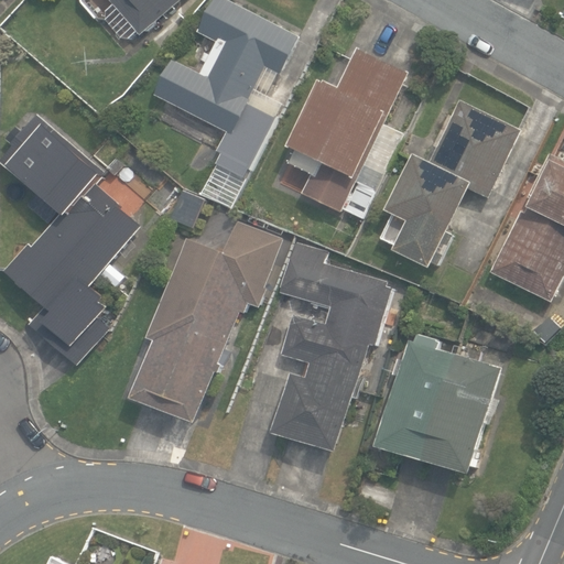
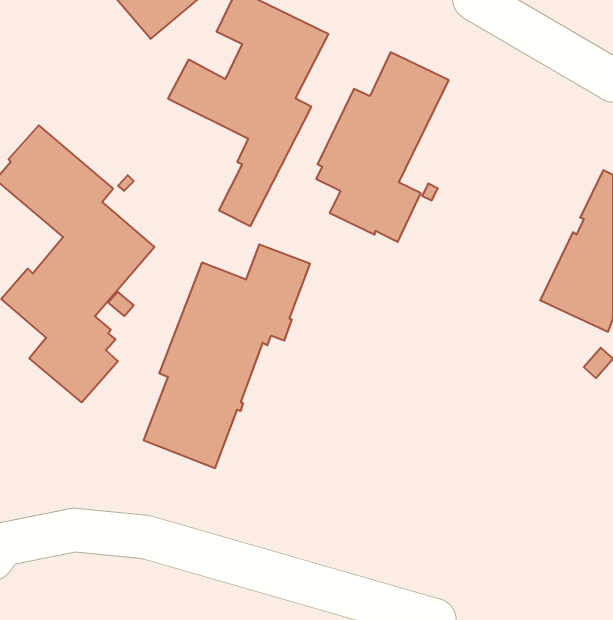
building: [386,99,519,269] -> none
building: [271,241,389,452] -> none
building: [376,328,500,474] -> none

